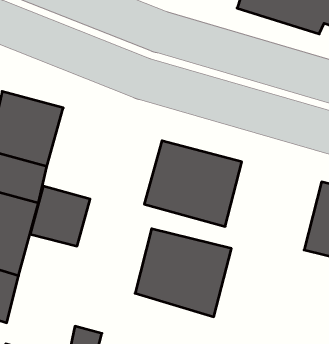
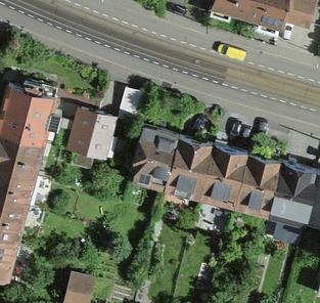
building: [30,186,90,246] -> [64,111,117,163]
building: [135,229,231,317] -> [198,143,282,220]

